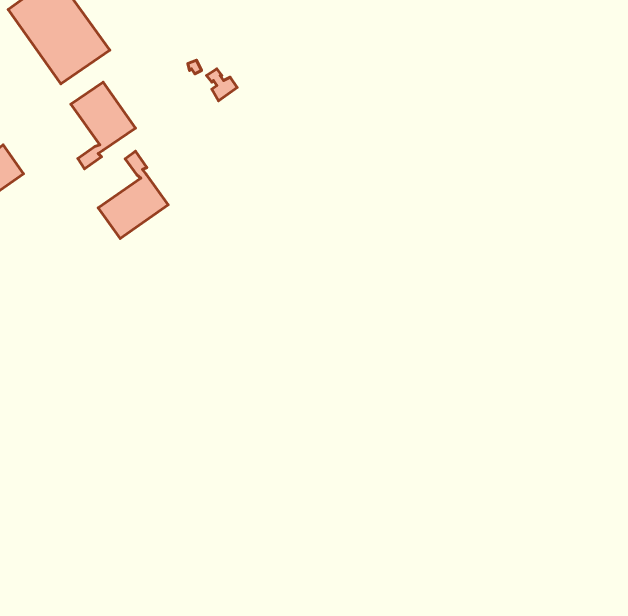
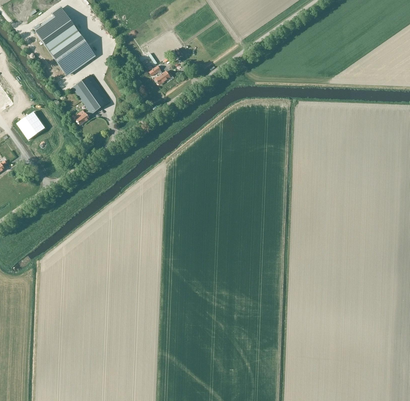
building: [98,151,168,238] -> none

